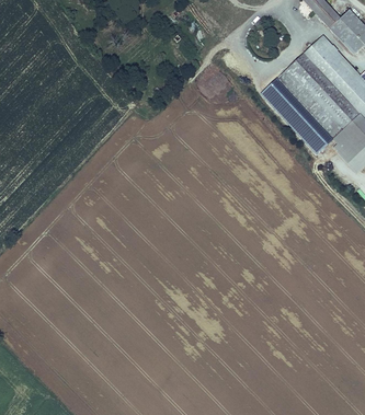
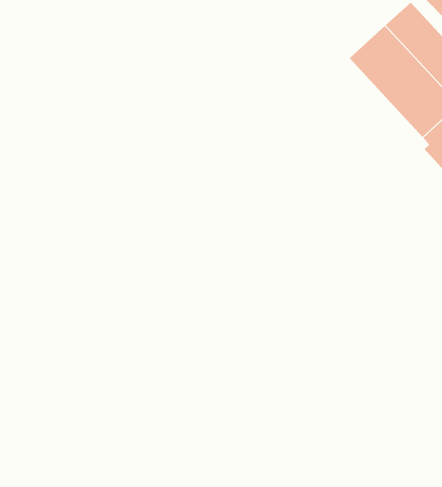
building: [261,78,332,153] -> none

